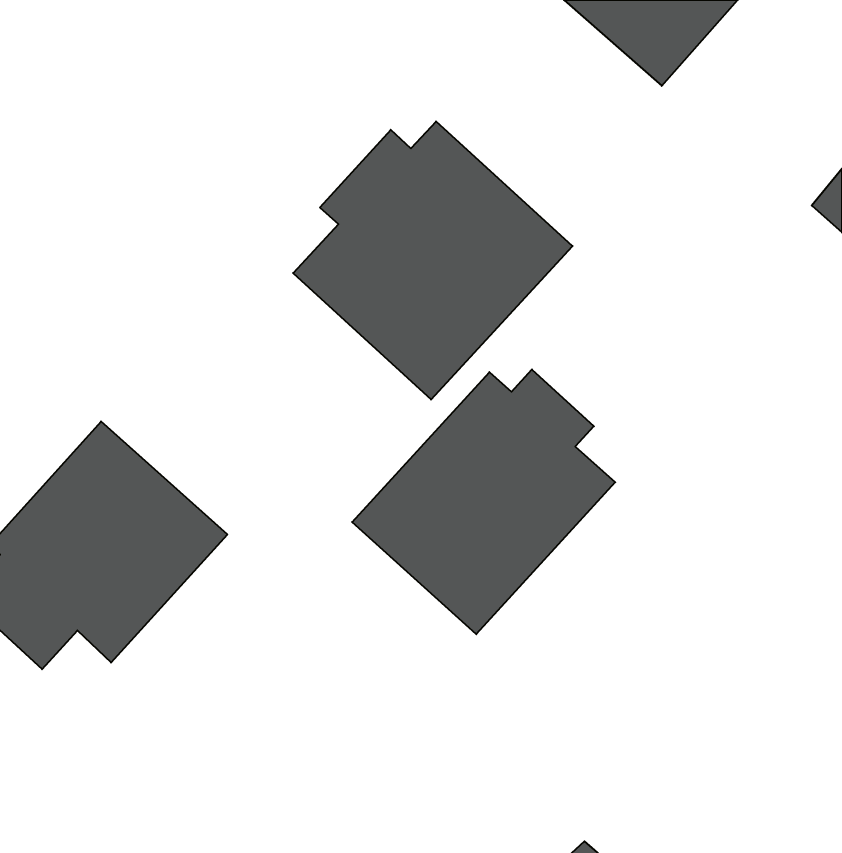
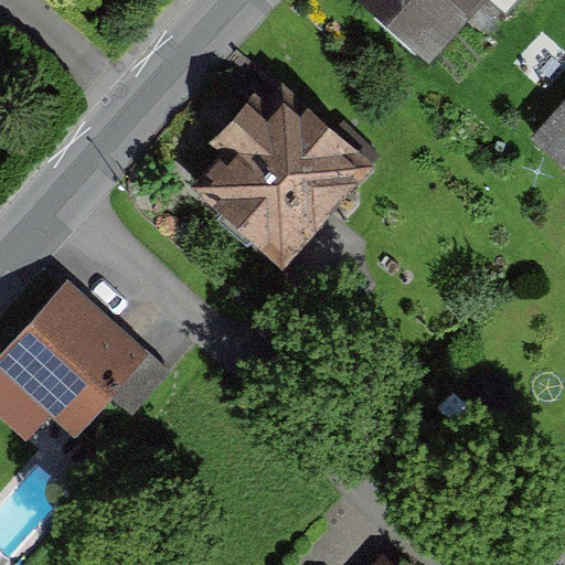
building: [352,369,615,634] -> none

